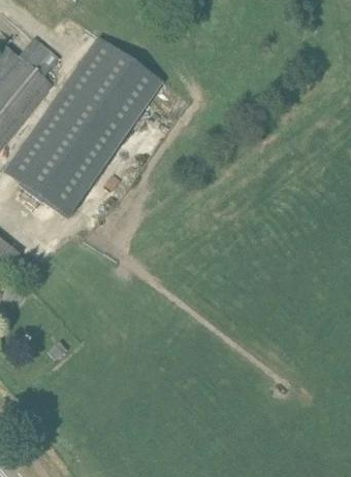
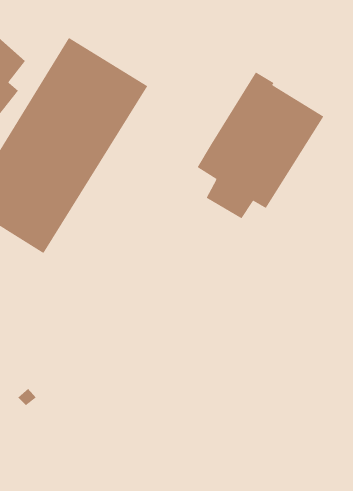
building: none -> [197,71,324,219]

